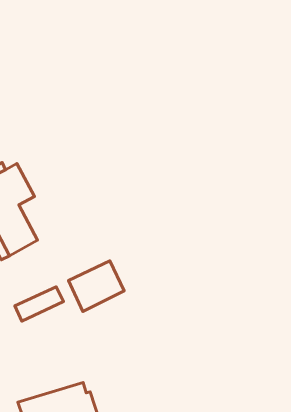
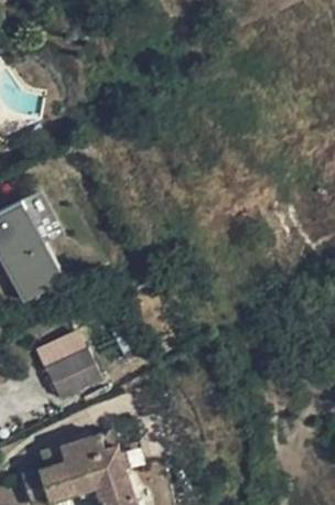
building: [68,261,124,312] -> [44,346,104,400]

